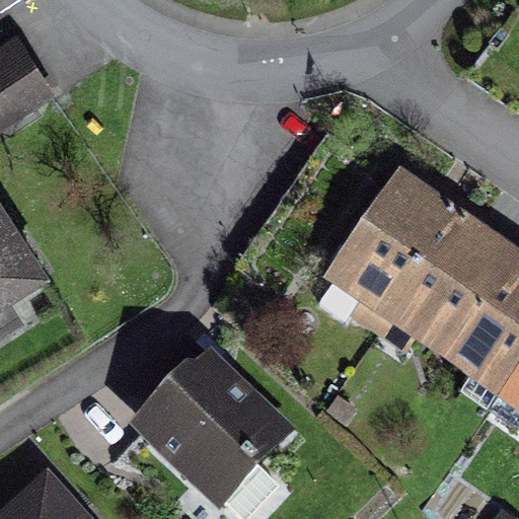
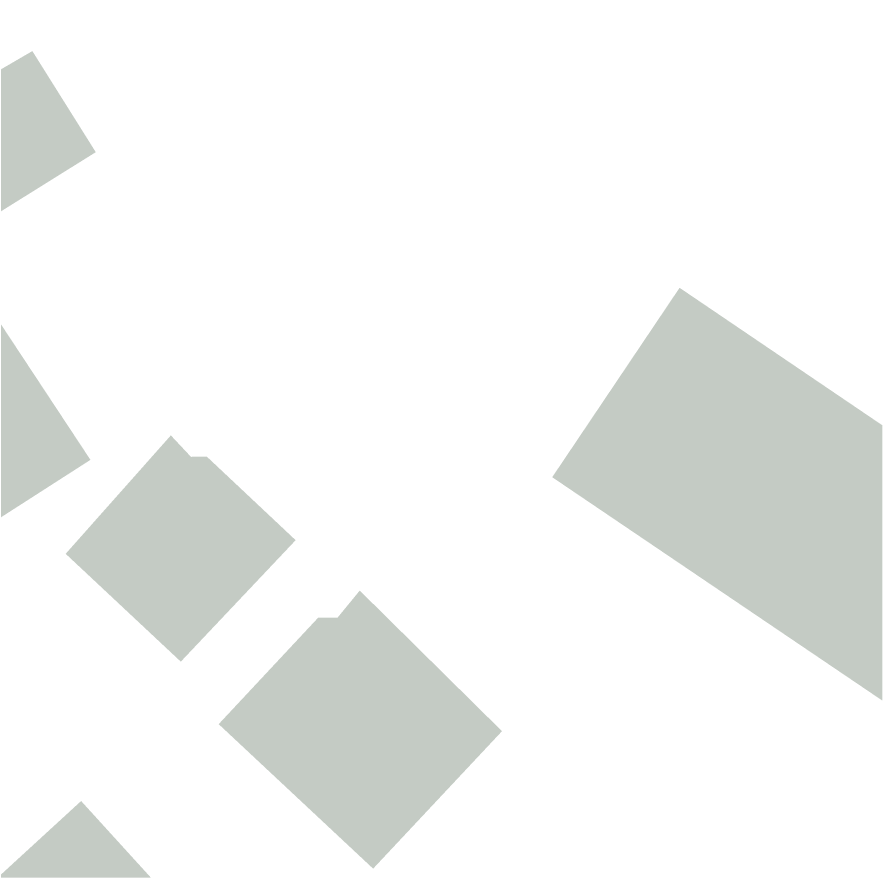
building: none -> [65,434,296,663]

